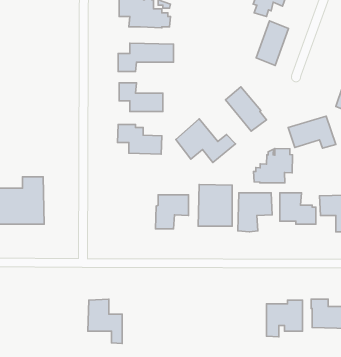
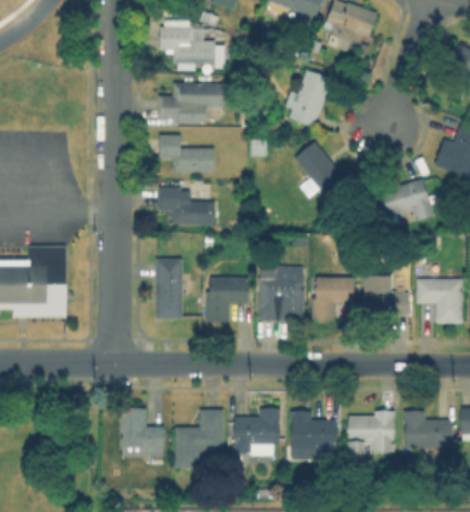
building: [256,21,288,66] -> [290,69,331,126]
building: [176,119,236,162] -> none
building: [254,148,293,183] -> none
building: none -> [156,261,182,320]
building: none -> [233,408,280,452]
building: none -> [175,409,224,467]
building: none -> [289,413,336,458]

